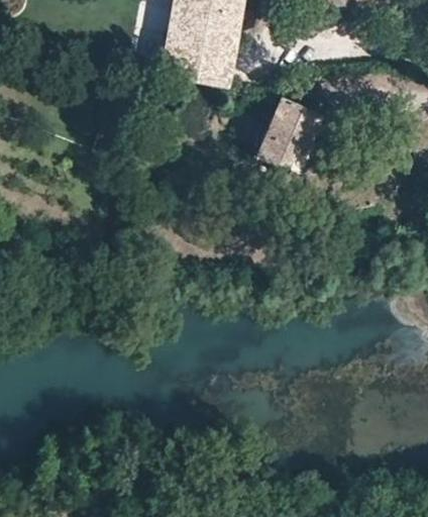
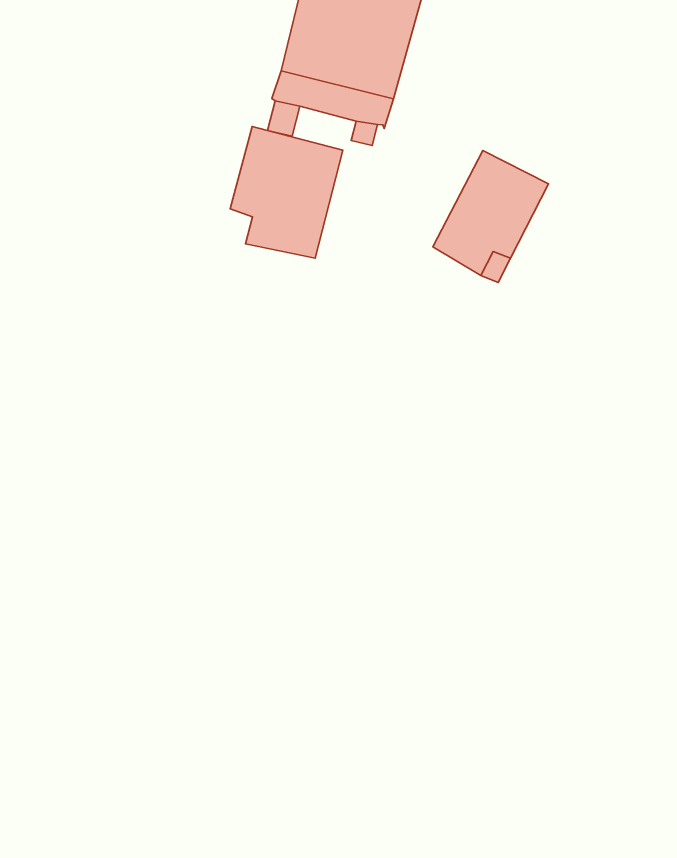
building: none -> [230,127,343,258]

